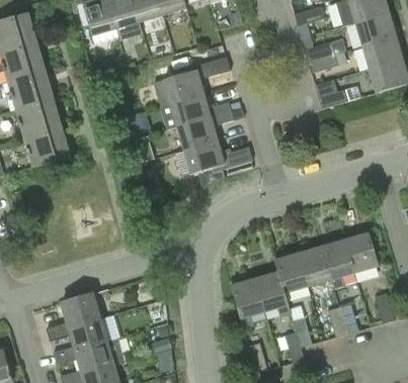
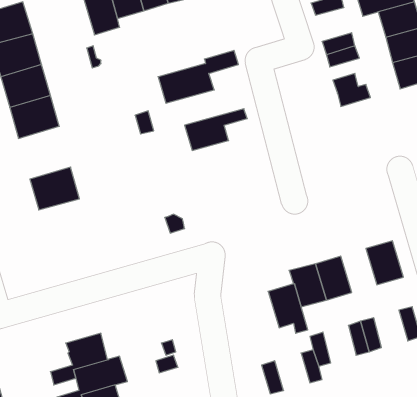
building: [171,94,232,126] -> none
building: [24,127,70,167] -> [30,167,79,210]
building: [175,140,253,176] -> none
building: [321,240,354,289] -> none
building: [231,279,264,328] -> none
building: [46,294,100,341] -> none

